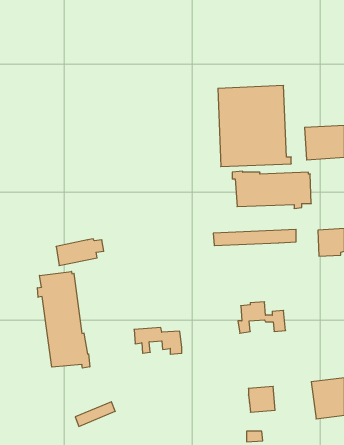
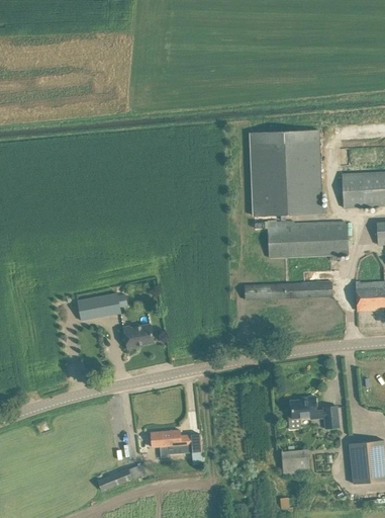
building: none -> [122,324,153,349]
building: [37,271,90,368] -> none
building: [238,302,286,333] -> [287,397,338,430]
building: [134,328,182,354] -> [151,430,201,458]

